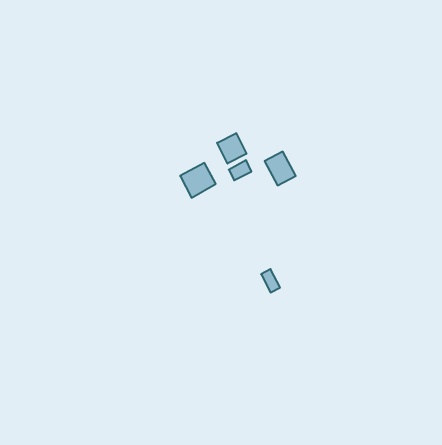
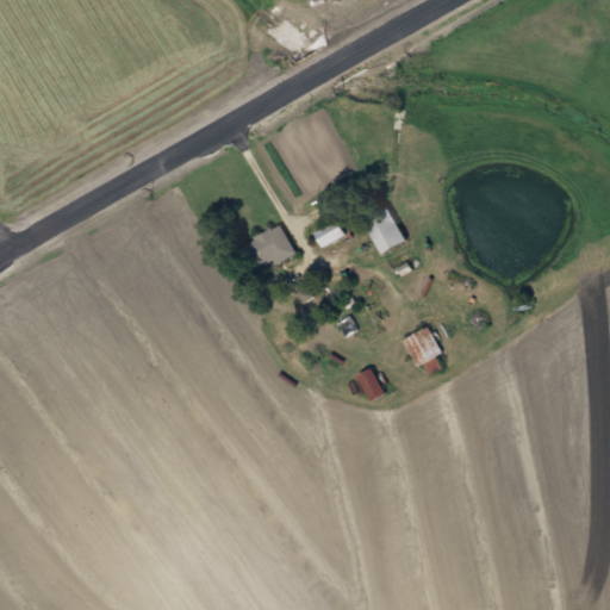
building: [217,133,246,164] -> none
building: none -> [404,326,442,367]

